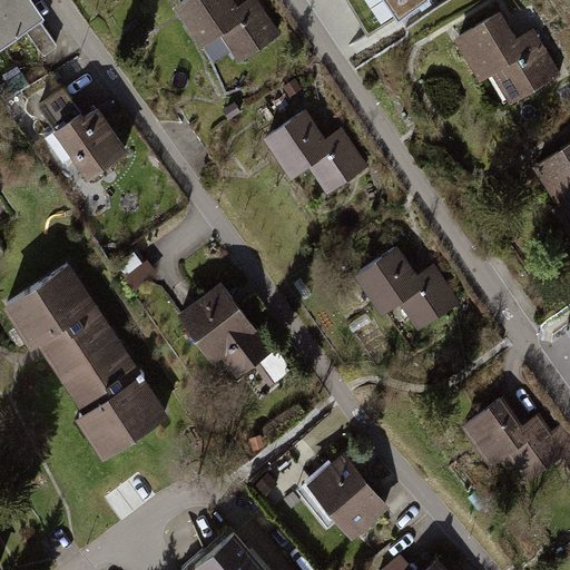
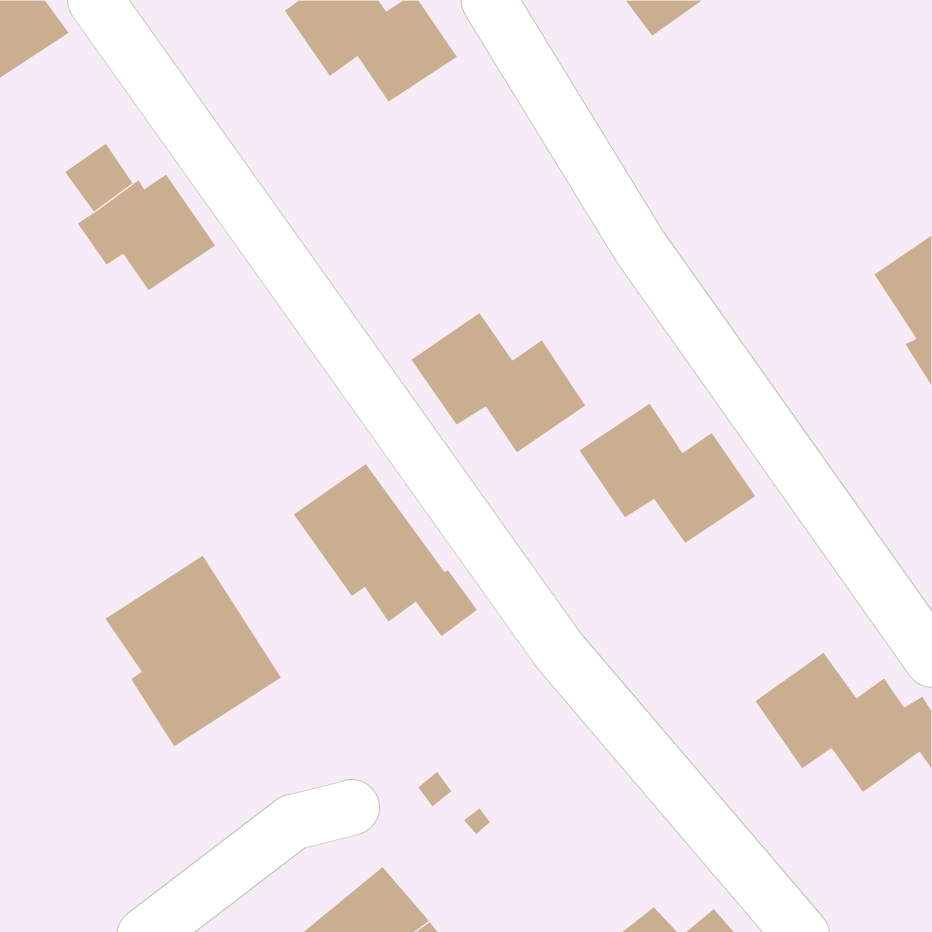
building: [452,13,559,107] -> none
building: [261,111,367,197] -> [410,312,586,453]
building: [6,261,124,379] -> none
building: [294,449,386,535] -> none

